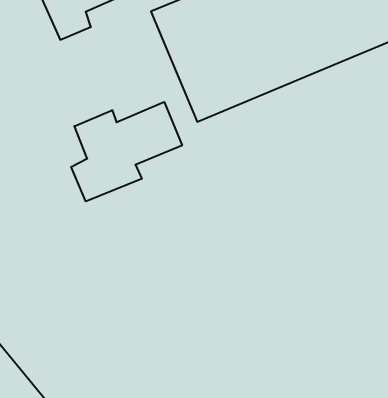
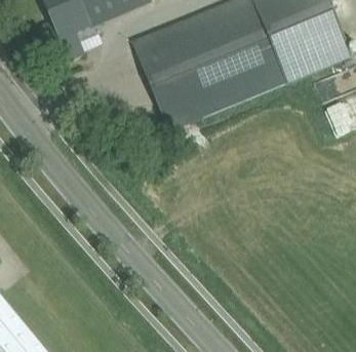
building: [71,102,182,201] -> none

